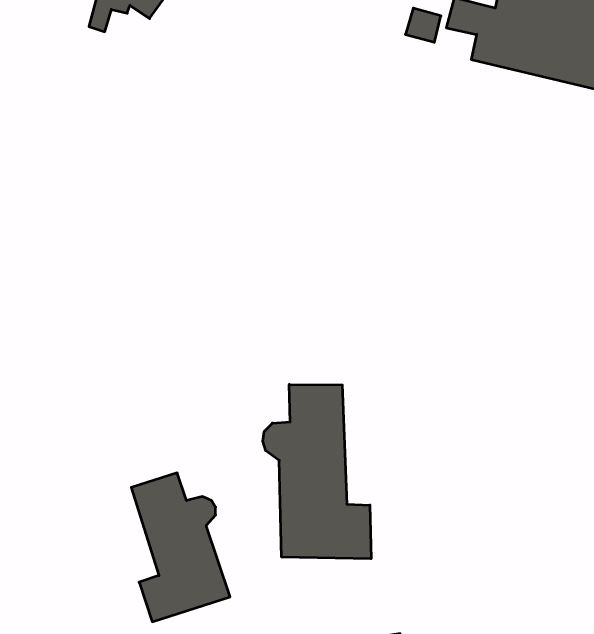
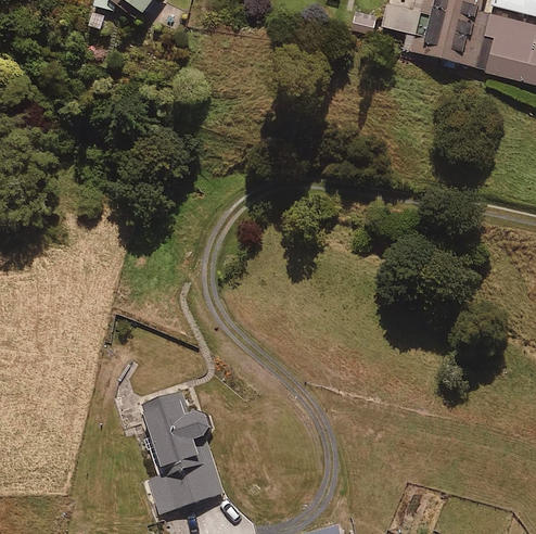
building: [263,384,371,559] -> none

